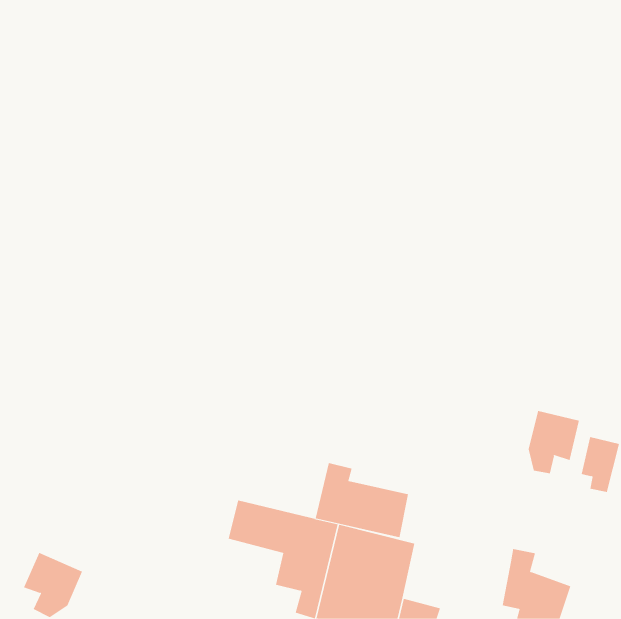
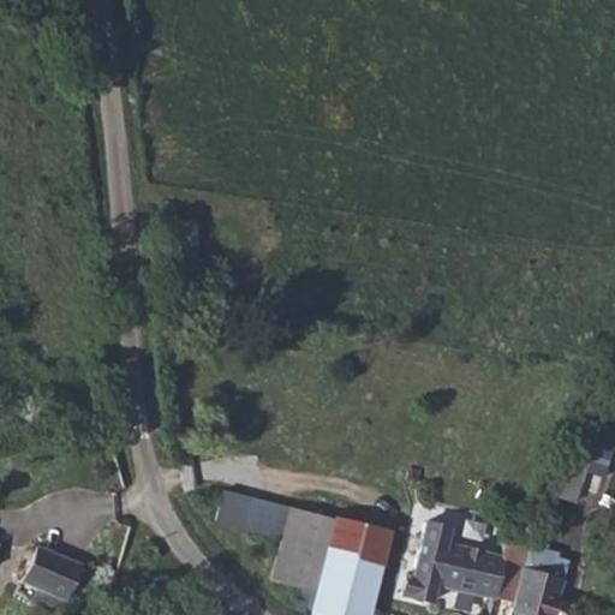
building: [528,410,579,474] -> none
building: [315,463,409,538] -> [412,524,504,598]

